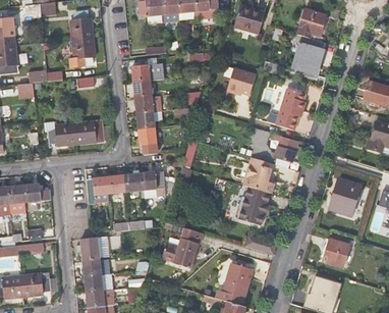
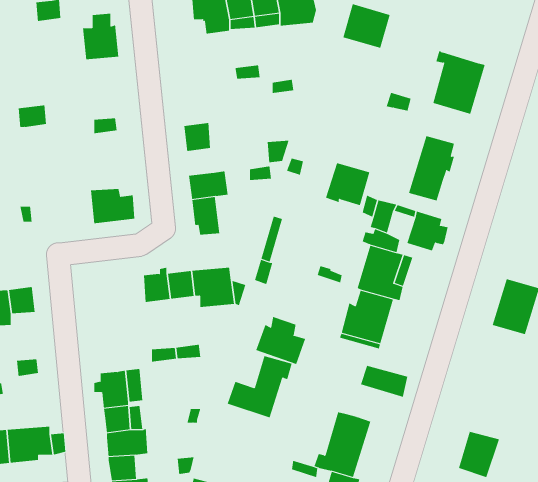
building: [297,8,326,42] -> none
building: [71,38,95,66] -> none
building: [132,63,164,82] -> none
building: [226,67,255,95] -> [325,163,370,206]
building: [135,95,160,113] -> none
building: [43,121,76,147] -> none
building: [86,173,110,203] -> none
building: none -> [256,316,306,365]
building: [323,239,348,266] -> none

